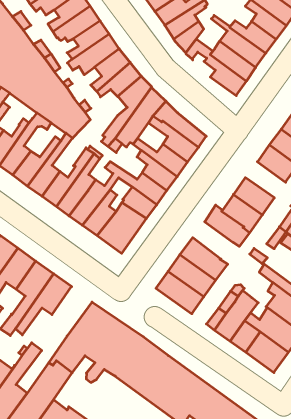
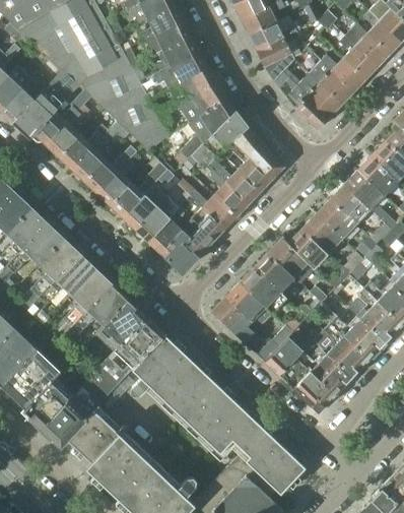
building: none -> [317,199,356,238]
building: none -> [256,252,295,292]
building: none -> [99,299,146,347]

